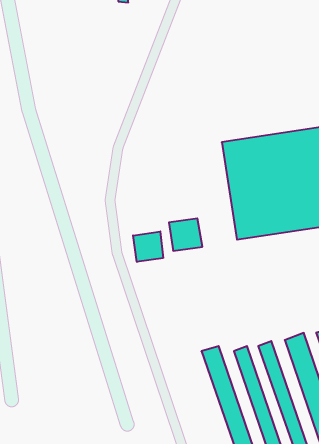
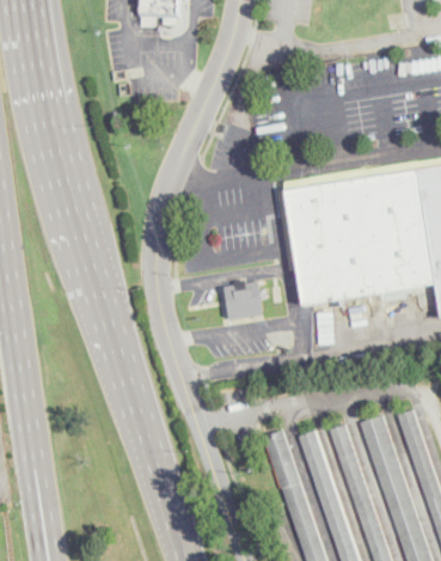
building: [133,231,163,262] -> none

